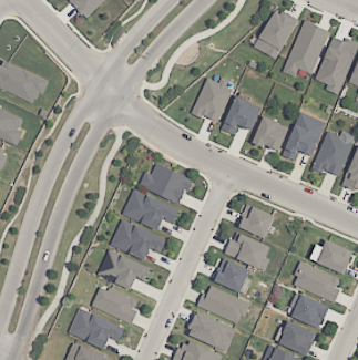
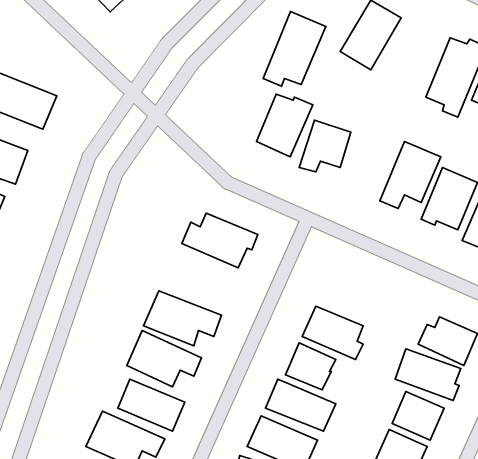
building: [284,20,329,74] -> [263,11,326,86]
building: [253,116,288,152] -> none
building: [122,189,180,230] -> none
building: [237,204,274,238] -> none

